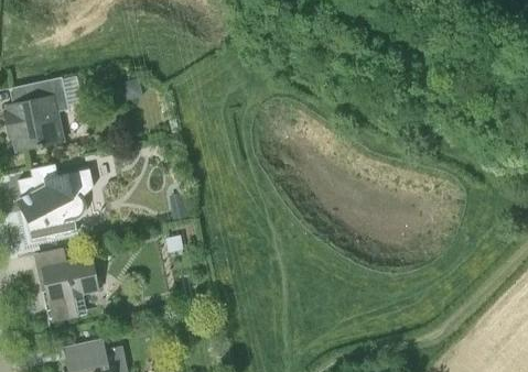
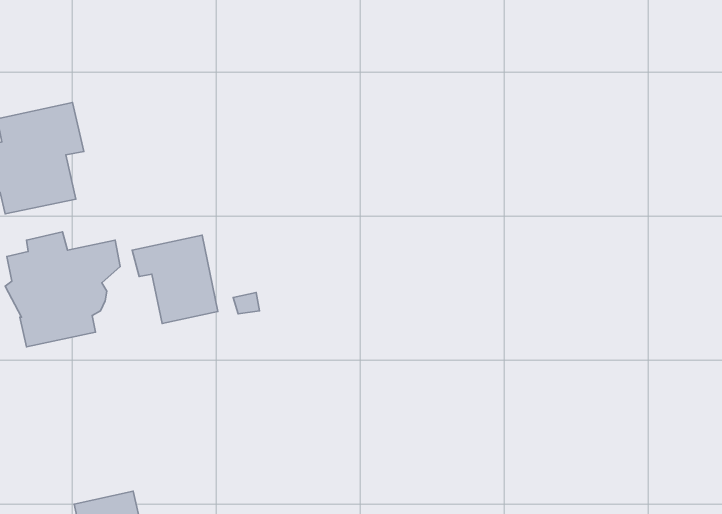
building: none -> [132,235,218,323]
building: [40,258,98,324] -> none

